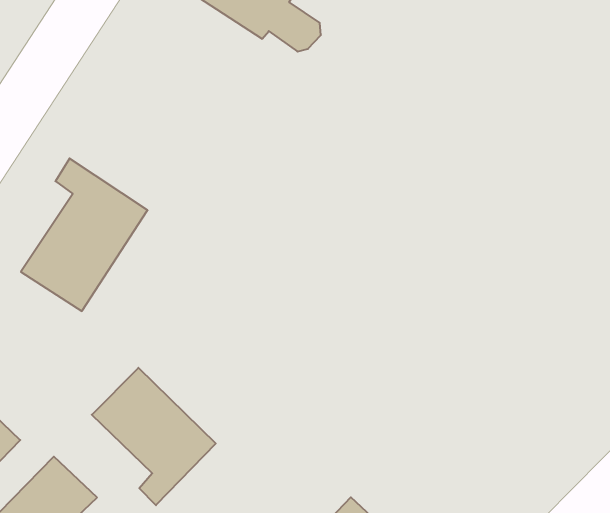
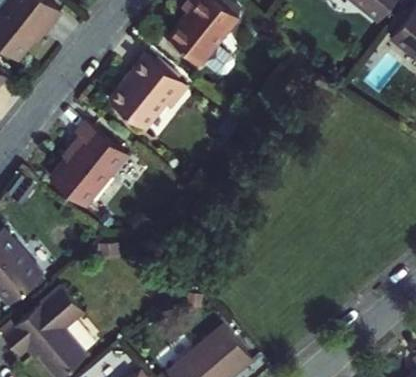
building: none -> [108,55,185,130]
building: [92,368,216,505] -> none

